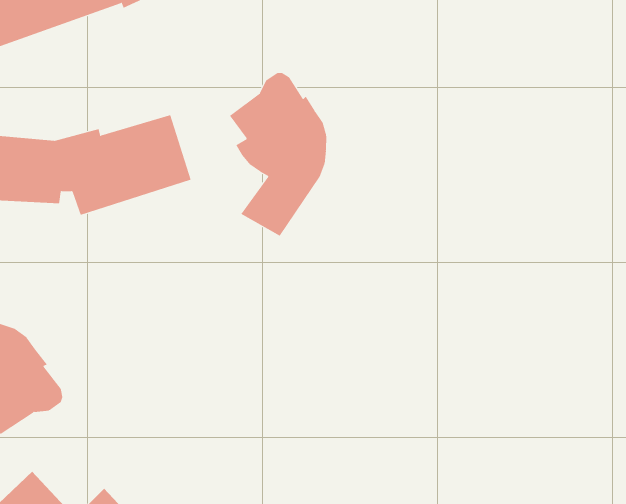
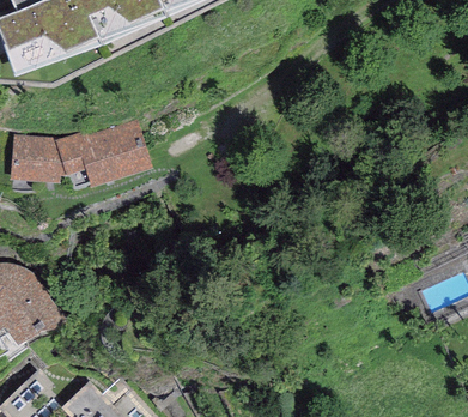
building: [229,72,327,237] -> none

